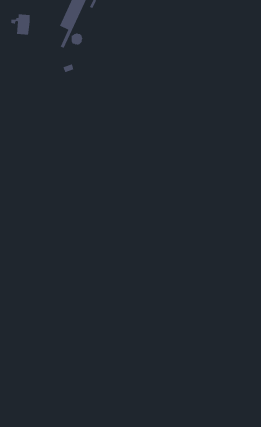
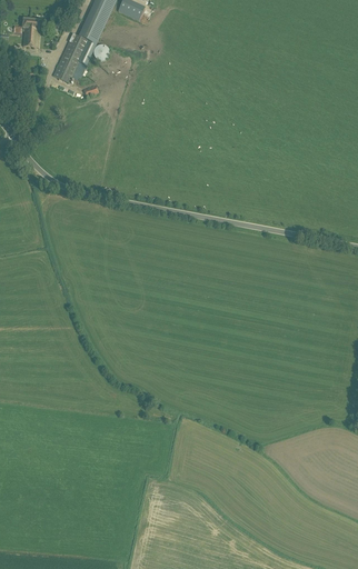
building: none -> [53,32,90,83]

